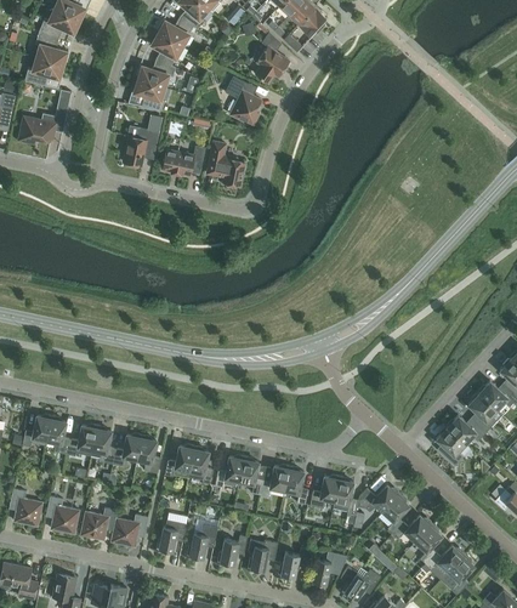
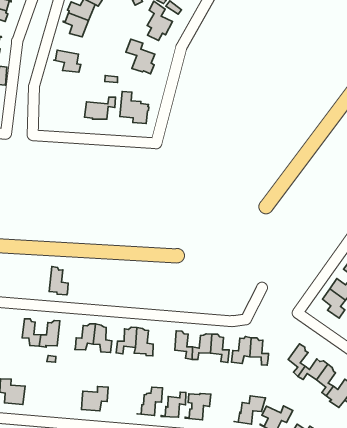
building: [136,58,175,86] -> none
building: [123,126,158,165] -> none
building: [22,413,52,445] -> none
building: [90,424,115,462] -> [49,266,68,295]
building: [215,454,244,487] -> none
building: [357,484,399,511] -> none
building: [46,495,79,533] -> none
building: [80,507,117,539] -> none
building: [150,518,186,553] -> none
building: [272,546,308,579] -> none

